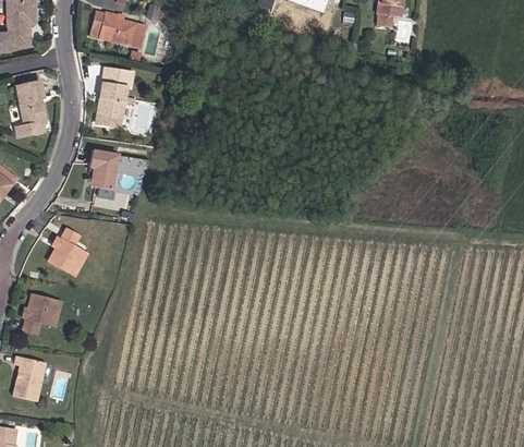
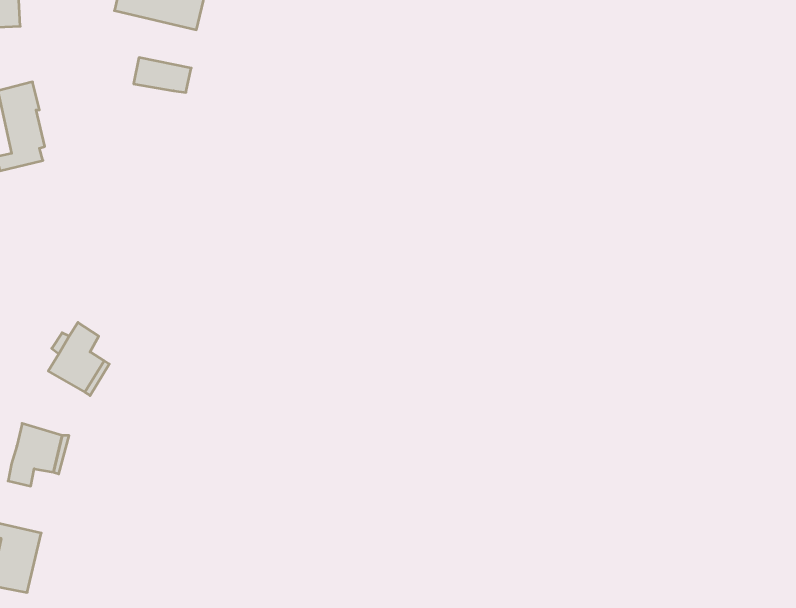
building: [95,81,126,125] -> none
building: [90,149,118,189] -> none

